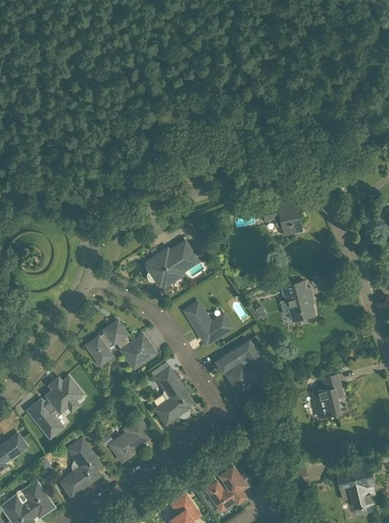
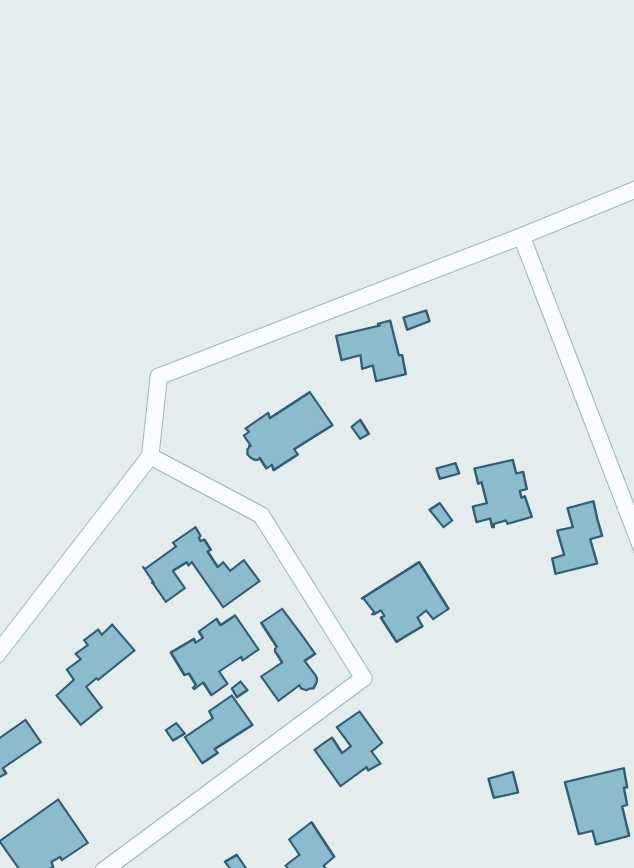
building: [261,199,302,235] -> [336,320,406,381]
building: [185,302,232,344] -> none
building: none -> [171,615,259,695]
building: [313,375,343,418] -> [552,501,602,574]
building: [61,439,99,494] -> none
building: [206,467,246,511] -> [314,712,382,786]

